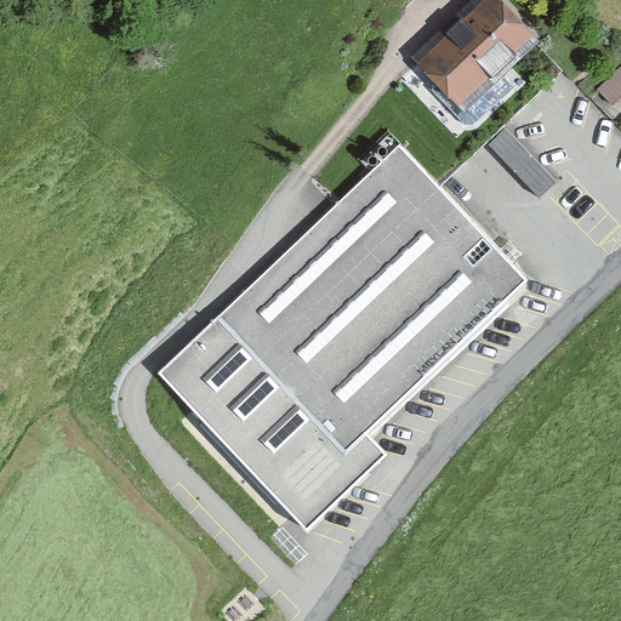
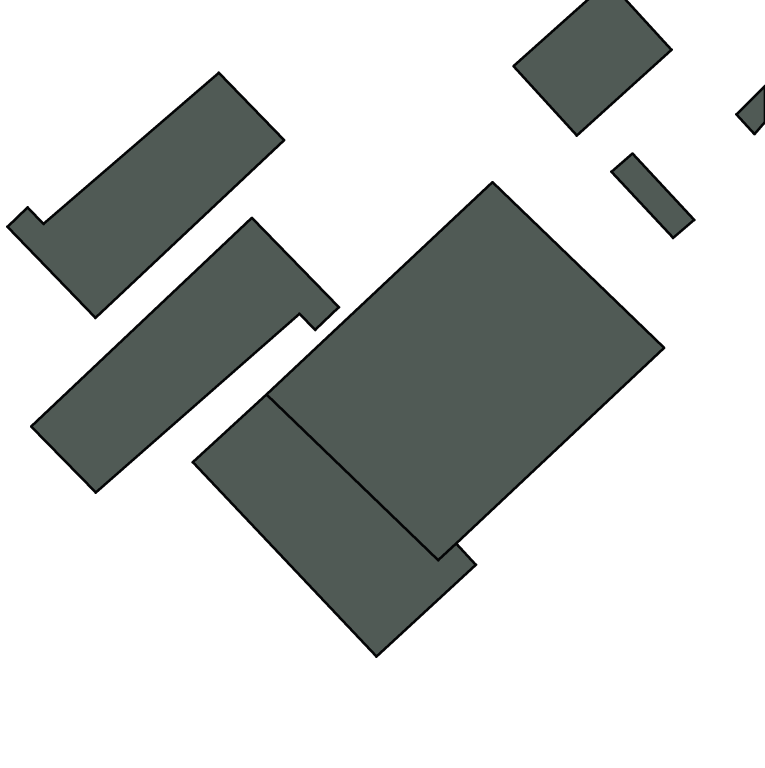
building: none -> [7,73,284,318]
building: none -> [31,218,339,493]

